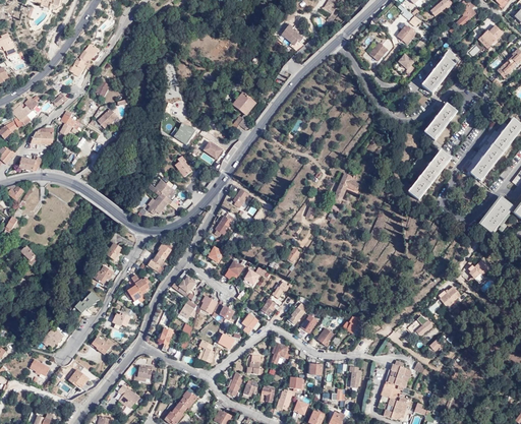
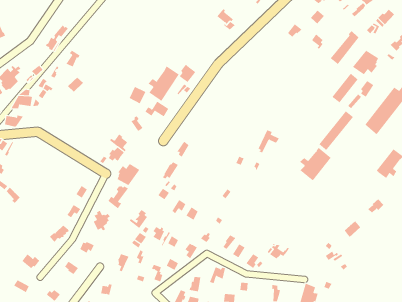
building: none -> [352,50,379,75]
building: none -> [148,65,180,101]
building: none -> [299,147,332,181]
building: none -> [117,163,140,186]

